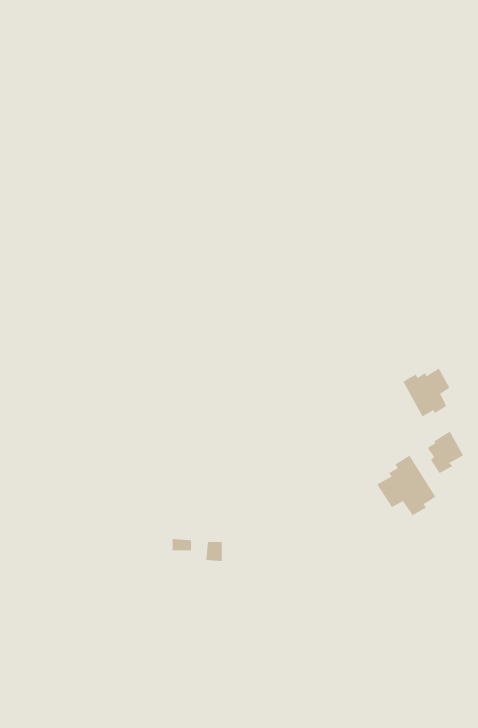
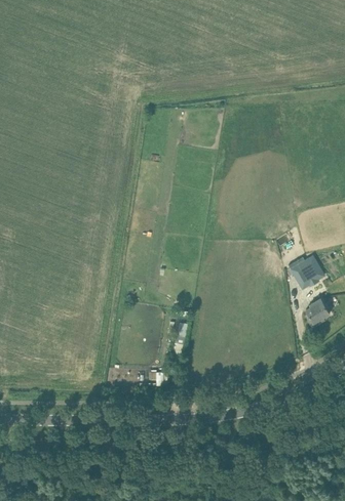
building: [377,455,436,516] -> none

